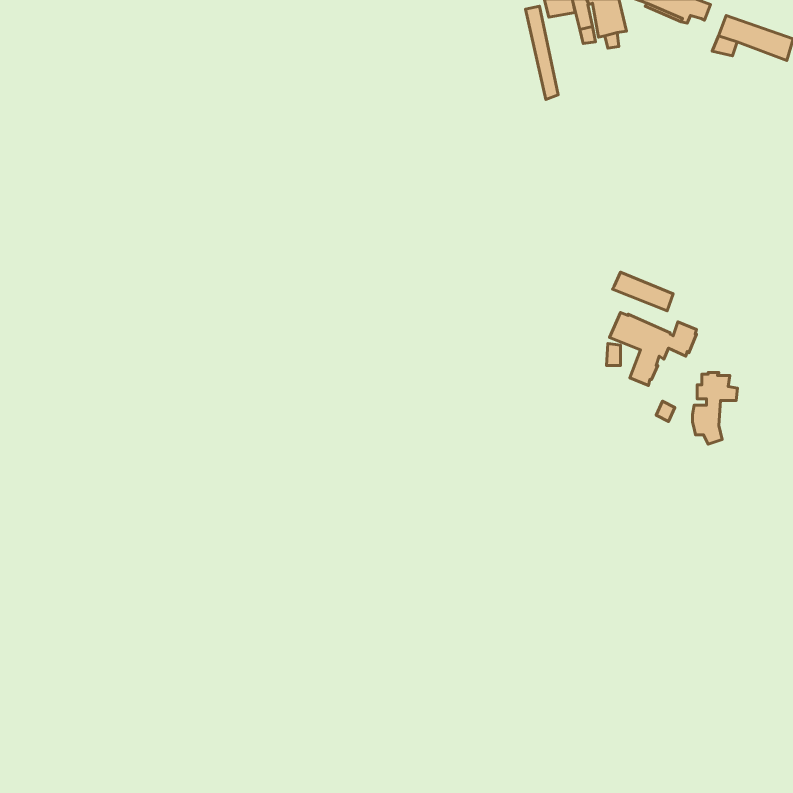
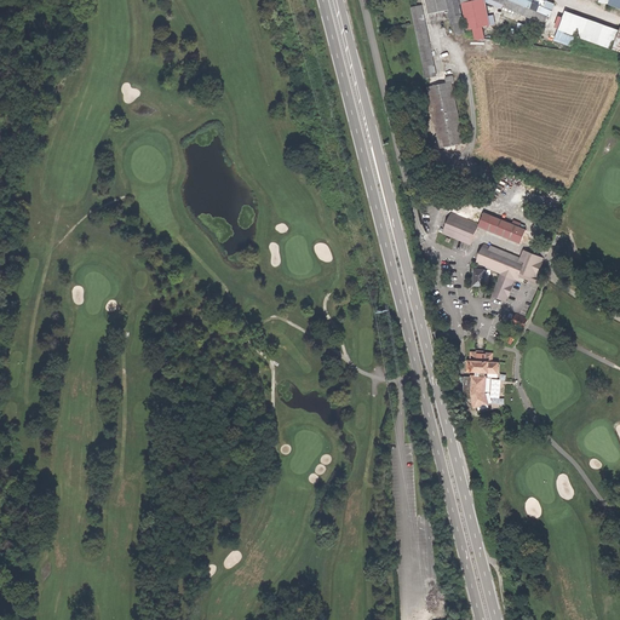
building: none -> [426,75,463,147]
building: none -> [442,212,478,243]
building: [692,372,738,444] -> [463,350,498,406]

